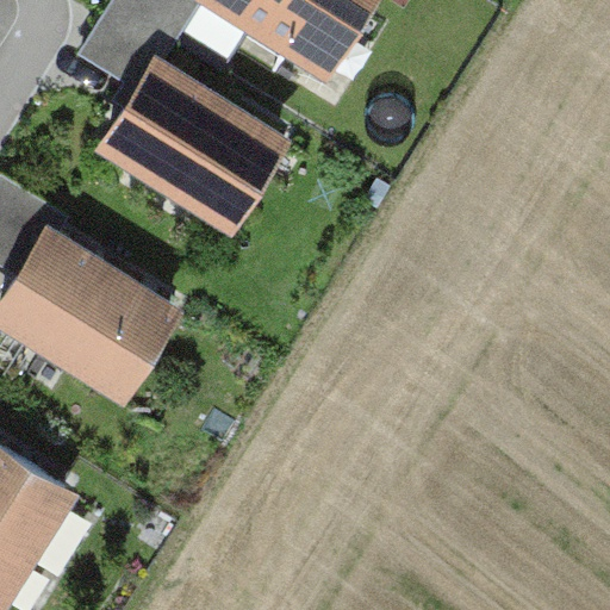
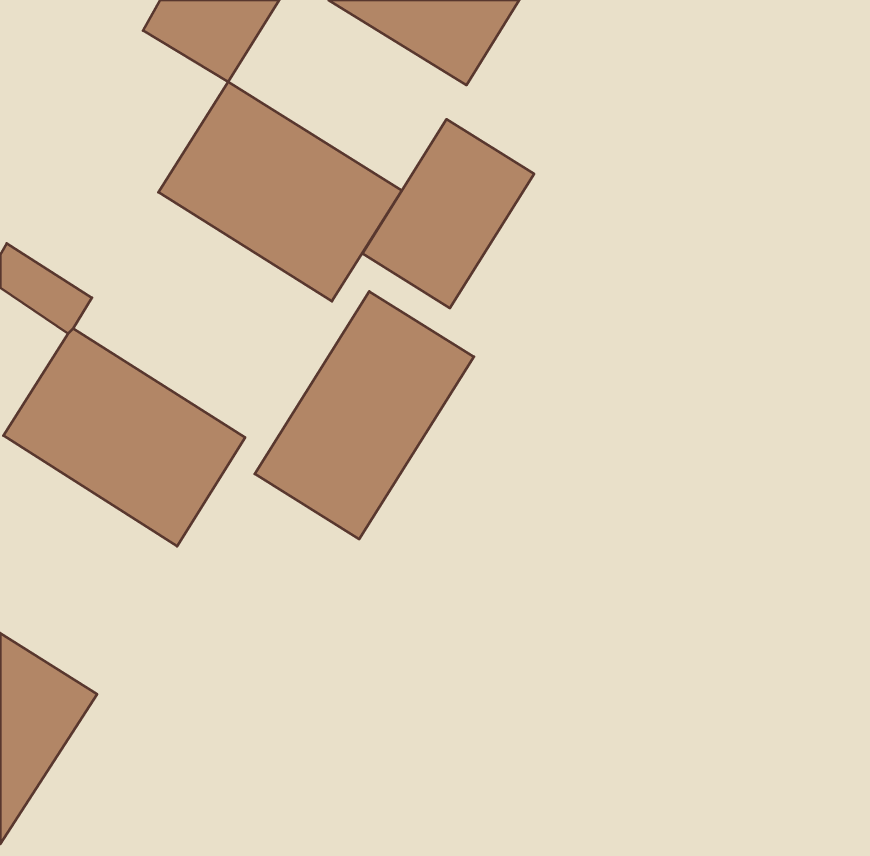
building: none -> [362,119,534,308]
building: none -> [255,291,474,539]

